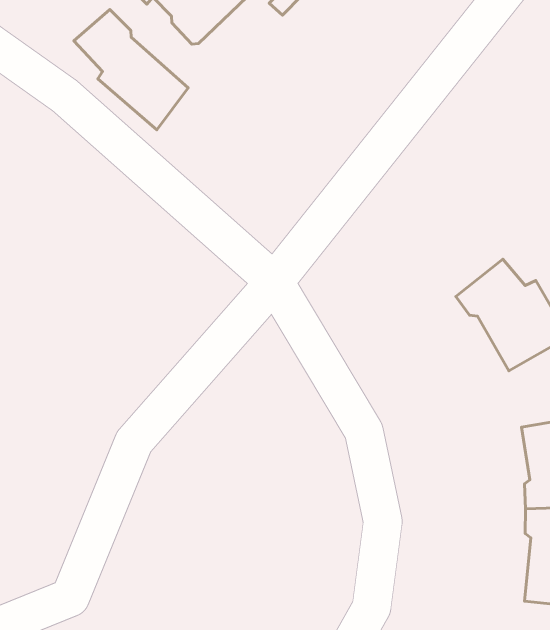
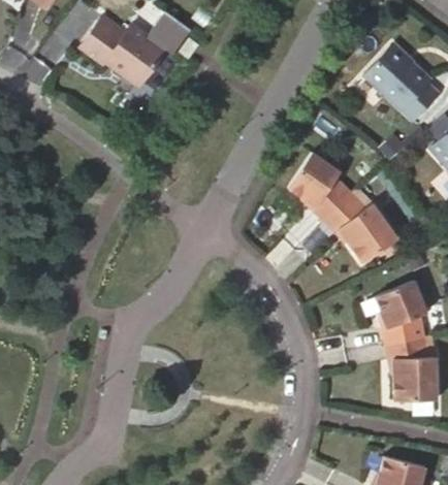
building: [74,10,188,130] -> none
building: none -> [285,150,349,219]

